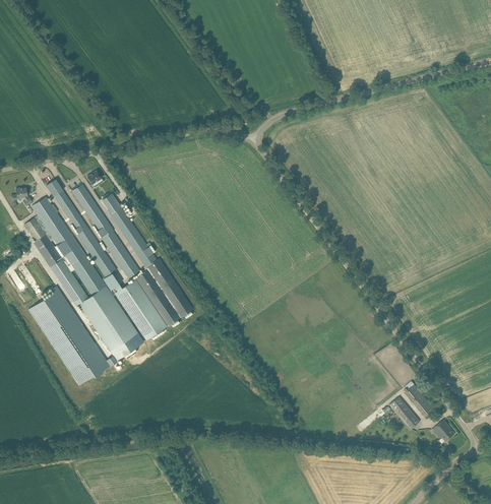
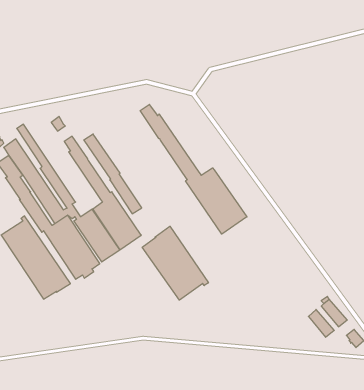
building: none -> [140,104,247,234]
building: [71,184,139,277] -> [84,134,142,214]
building: none -> [142,226,208,300]

